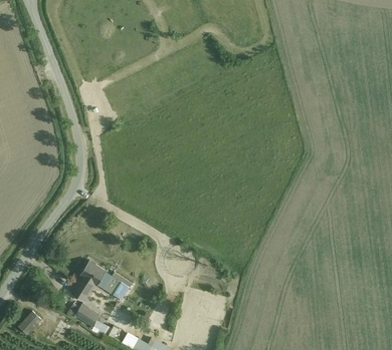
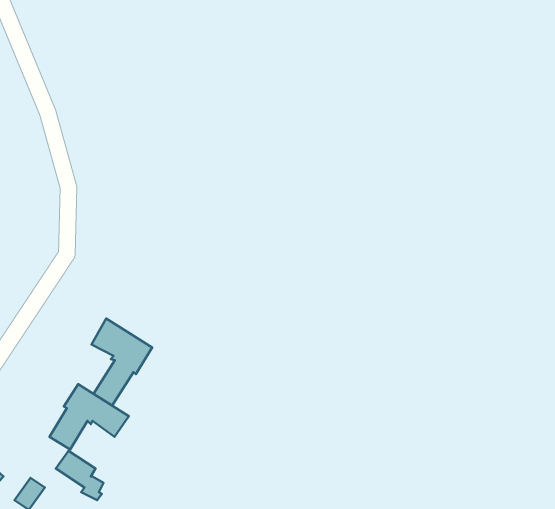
building: none -> [91,319,152,406]

